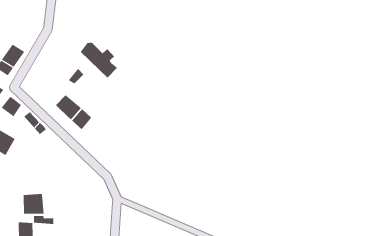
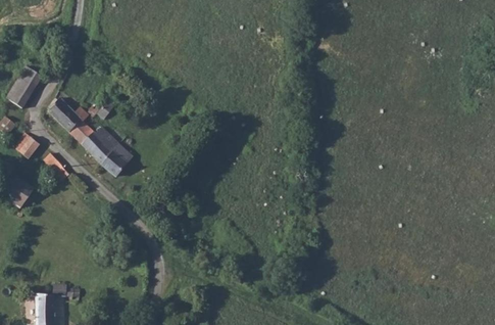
building: [80,42,118,78] -> [48,98,96,144]
building: [23,193,44,215] -> none

